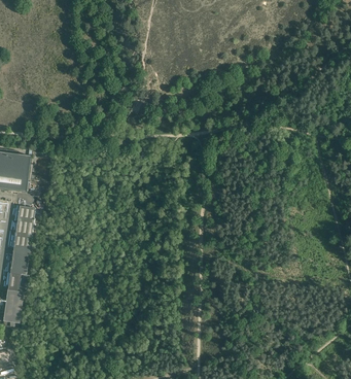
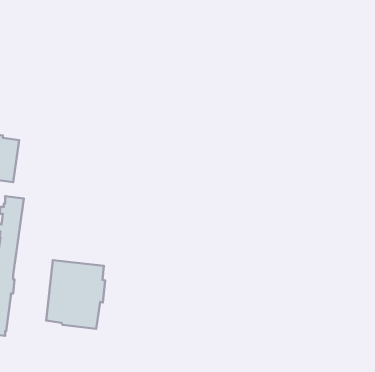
building: none -> [46,260,105,329]

